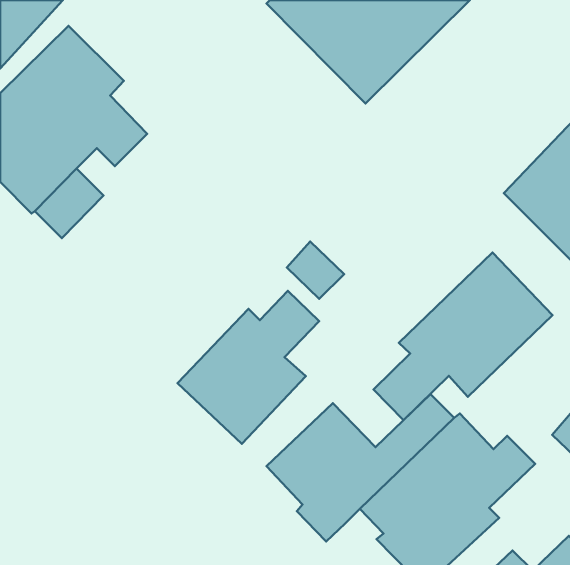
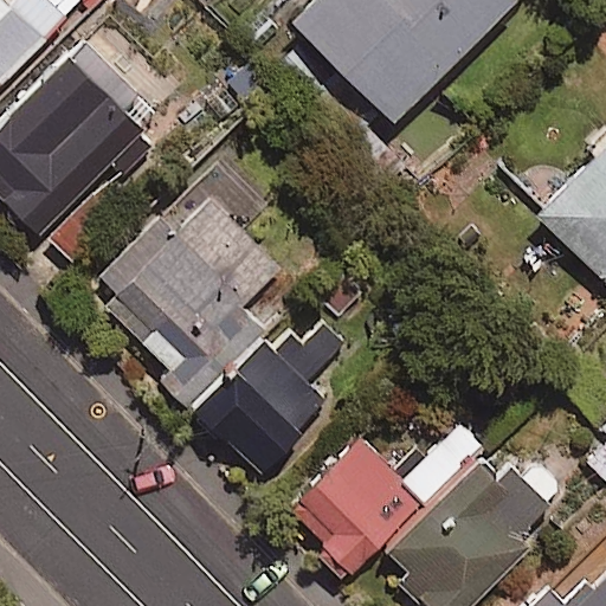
building: none -> [88,160,281,413]
building: [373,252,553,420] -> none

